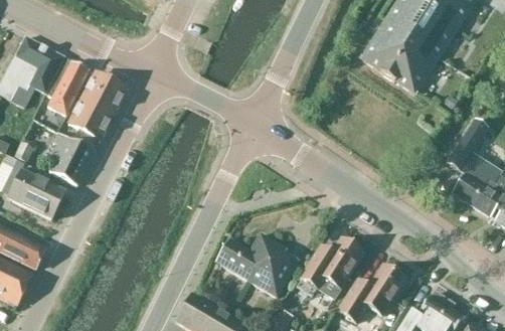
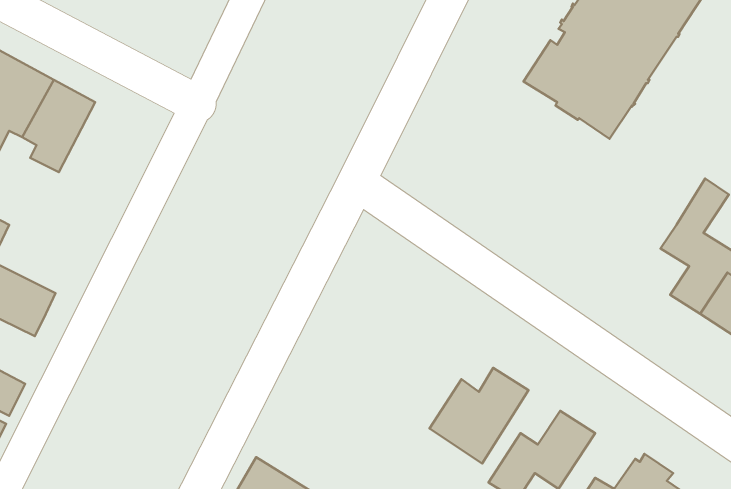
building: [68,71,126,139] -> none
building: [49,131,95,184] -> none
building: [215,232,299,296] -> none

